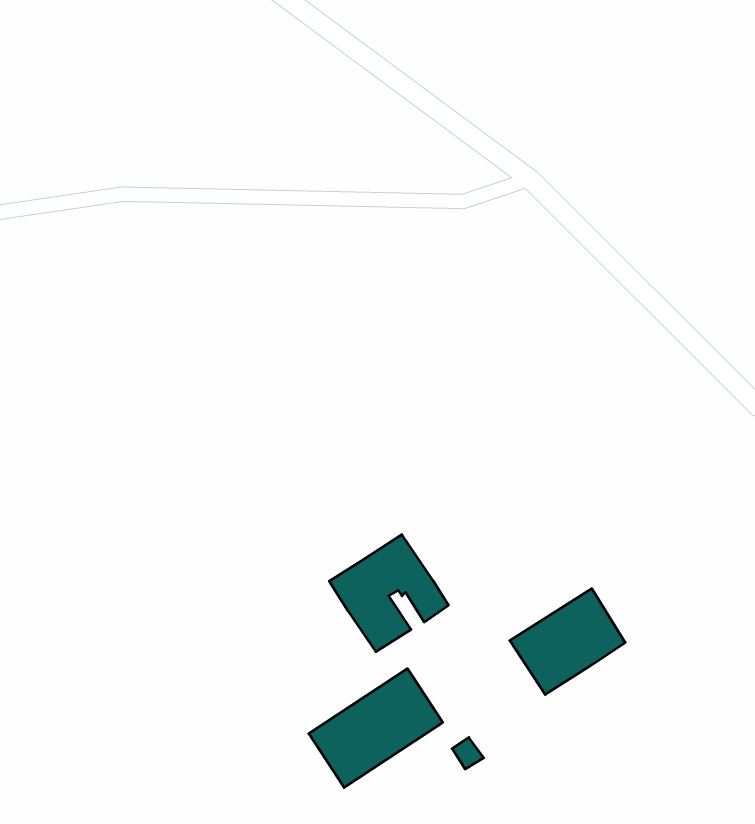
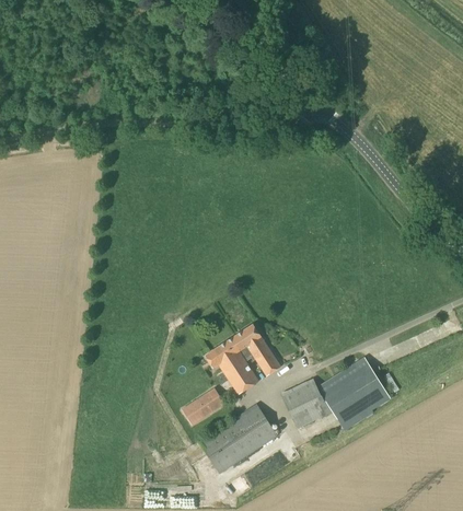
building: none -> [282,379,329,428]
building: none -> [182,393,219,426]

